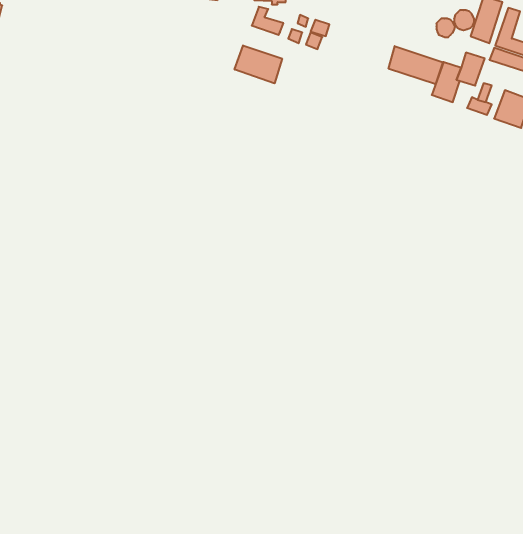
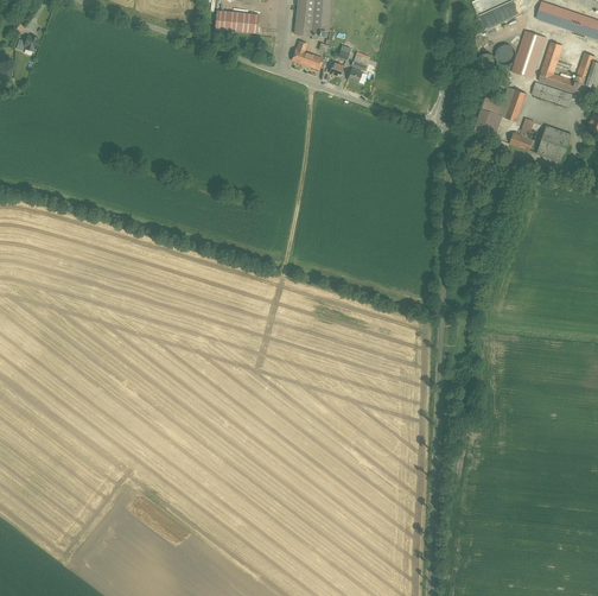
building: [235,45,282,83] -> none
building: [389,46,443,84] -> none

